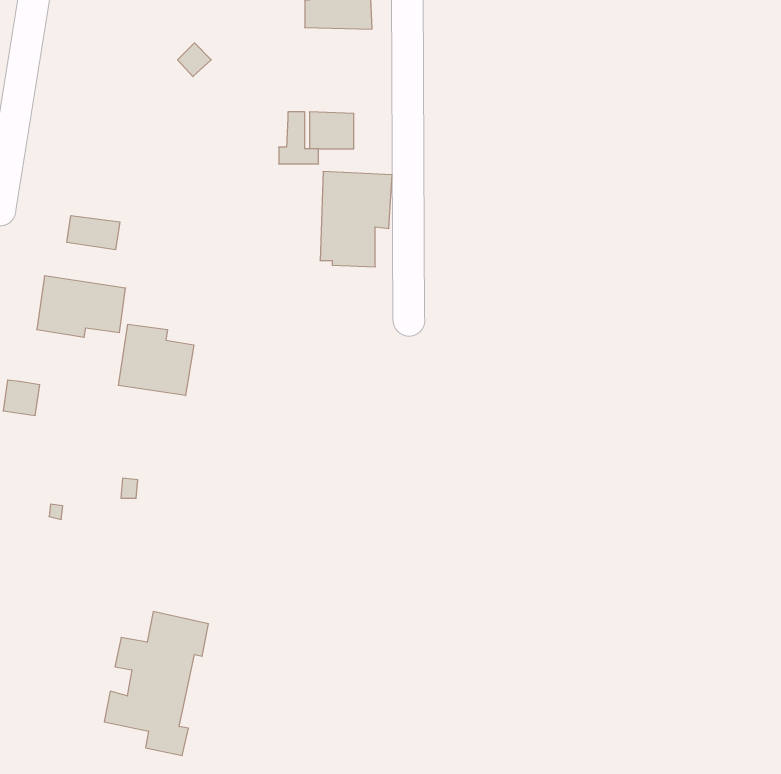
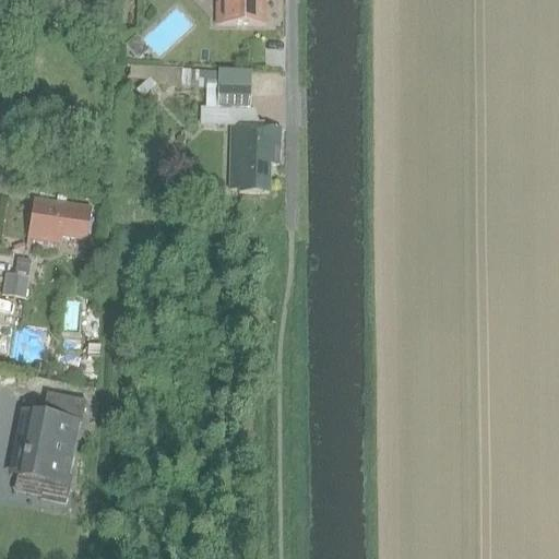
building: [67,216,120,250] -> none
building: [118,324,194,396] -> none
building: [104,612,208,756] -> [11,390,85,492]

